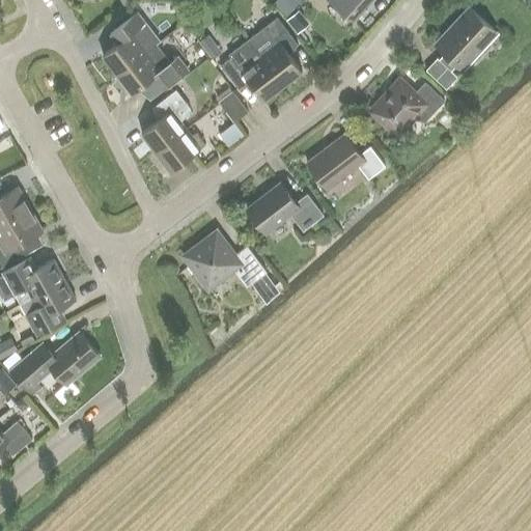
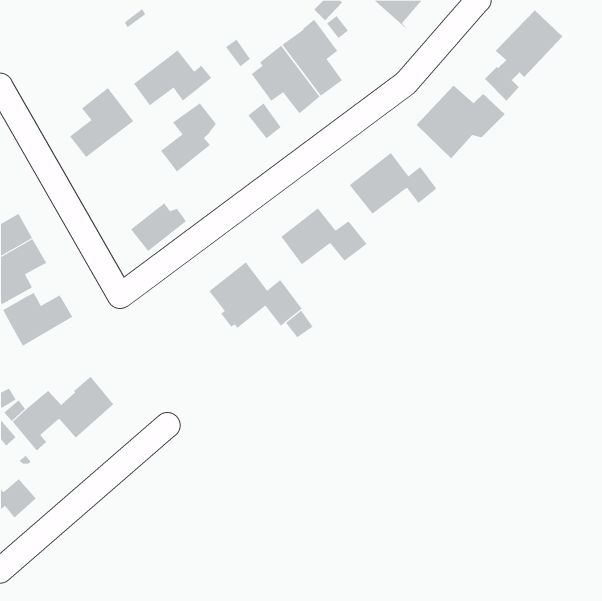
building: [103,12,160,75] -> [69,87,134,158]
building: [156,129,205,172] -> [130,202,187,252]
building: [20,280,76,337] -> none

